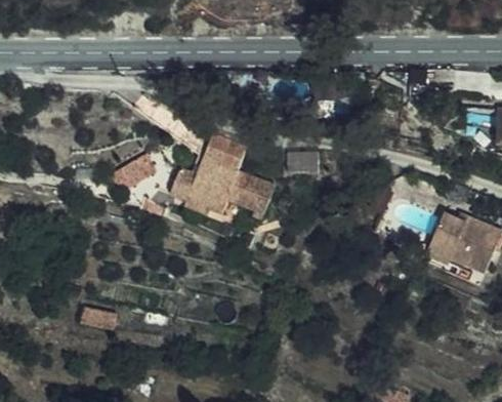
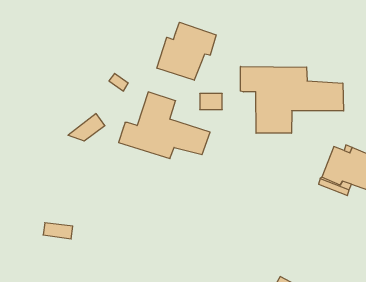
building: none -> [157,22,216,80]
building: none -> [240,66,344,133]

